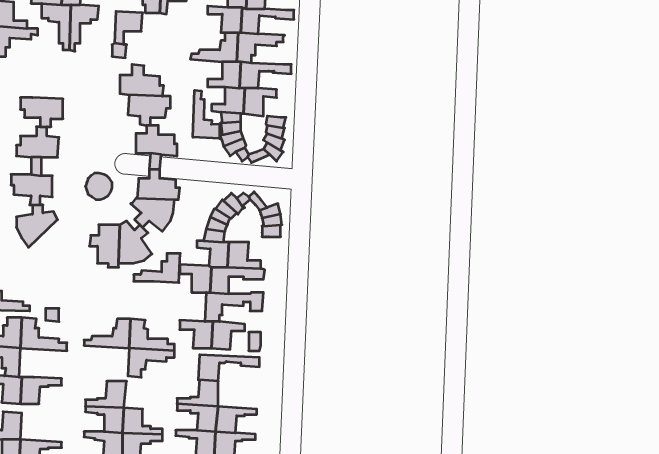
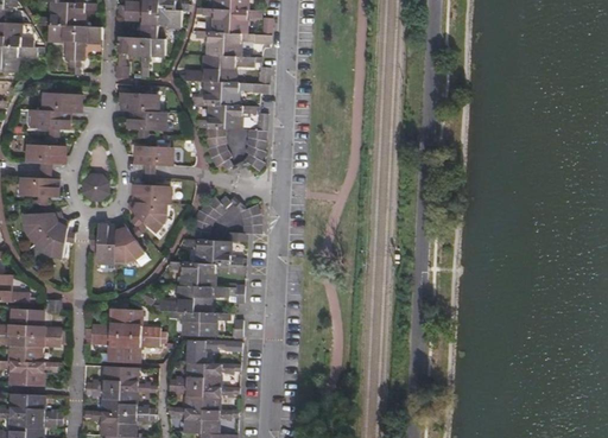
building: none -> [134,36,160,65]
building: none -> [38,87,76,113]
building: [193,90,220,139] -> none
building: none -> [34,221,75,259]
building: [134,253,180,283] -> [152,286,194,312]
building: none -> [84,334,125,361]
building: none -> [26,336,69,362]
building: none -> [120,366,156,391]
building: none -> [204,366,240,389]
building: none -> [27,394,64,420]

